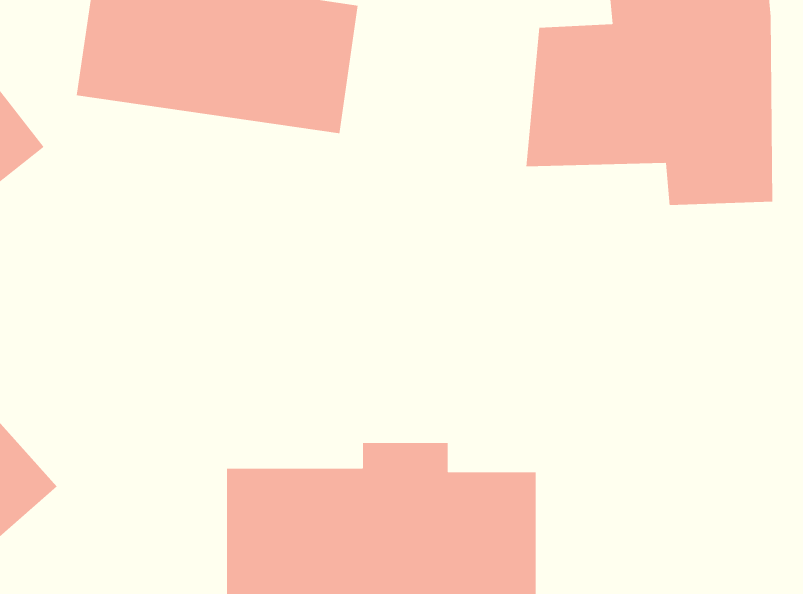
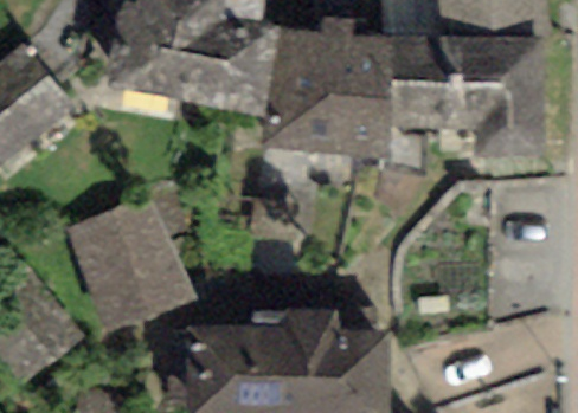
building: none -> [268,27,393,151]
building: none -> [66,201,194,334]

